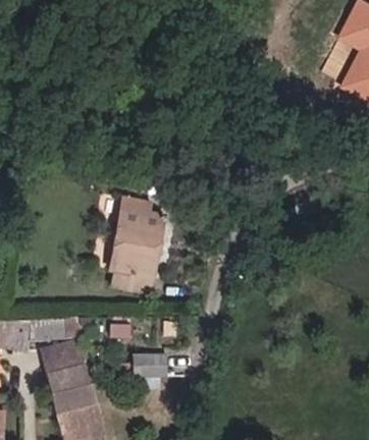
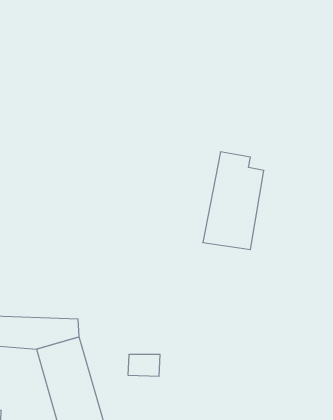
building: [105,198,165,293] -> [203,152,264,250]

